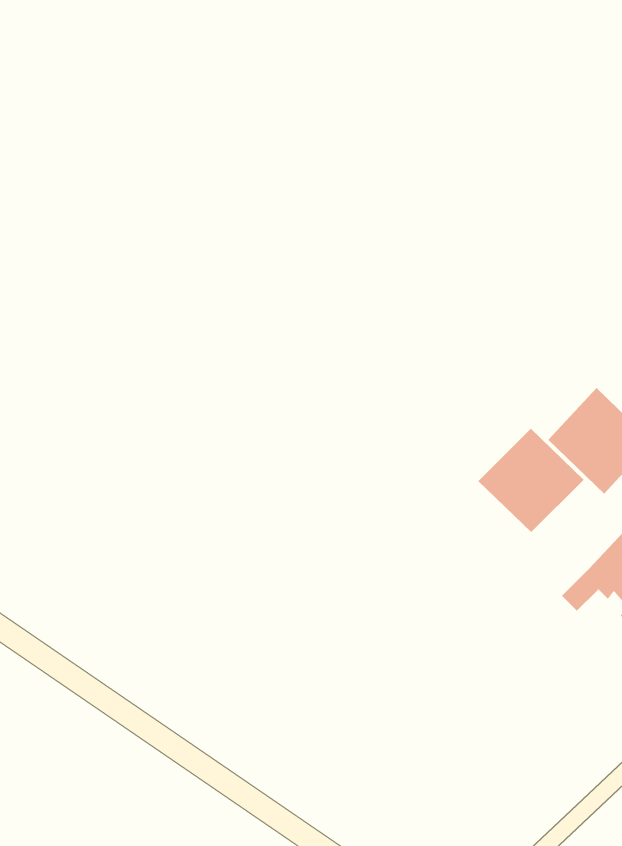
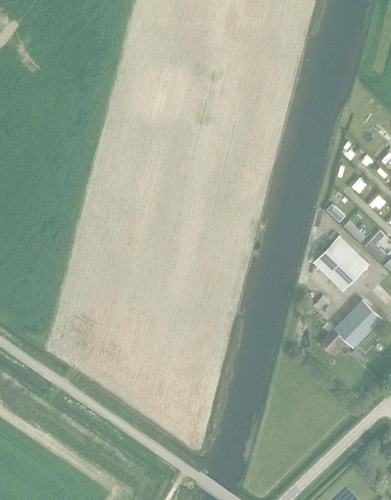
building: [478,428,585,533] -> none

